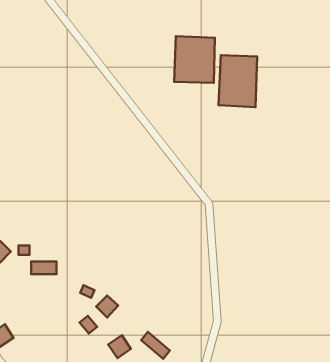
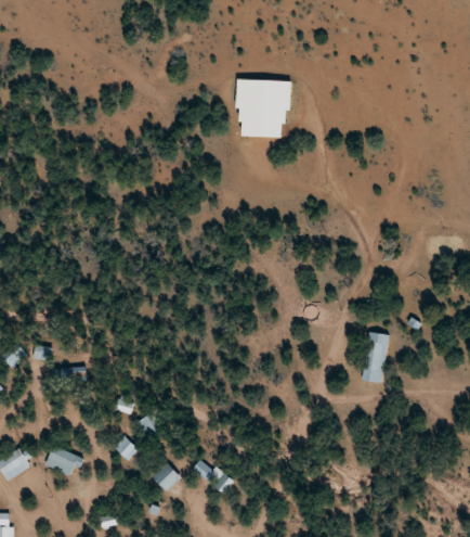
building: [218,55,257,107] -> none
building: none -> [361,331,389,383]
building: none -> [45,445,82,476]

